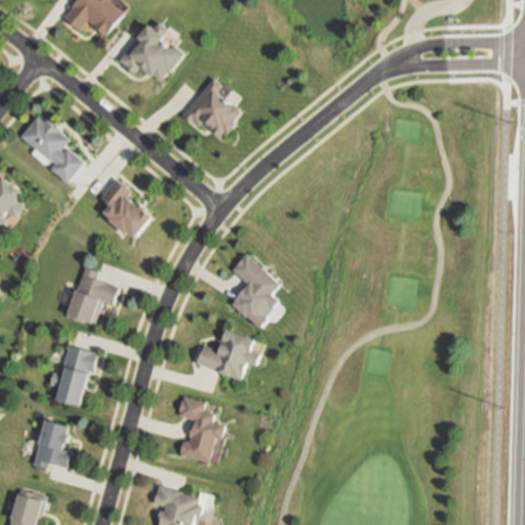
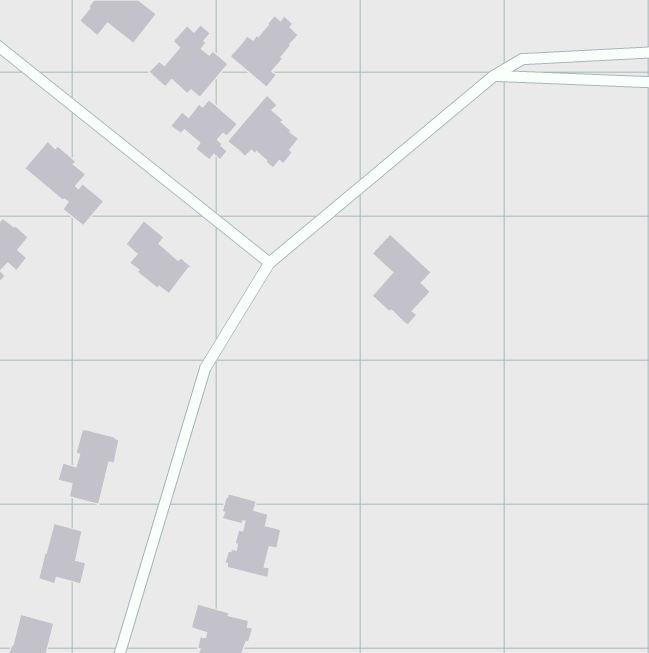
building: none -> [230,15,298,88]
building: none -> [171,99,237,160]
building: [233,254,280,327] -> [372,234,431,325]
building: [65,268,117,323] -> none
building: [196,329,261,379] -> none

